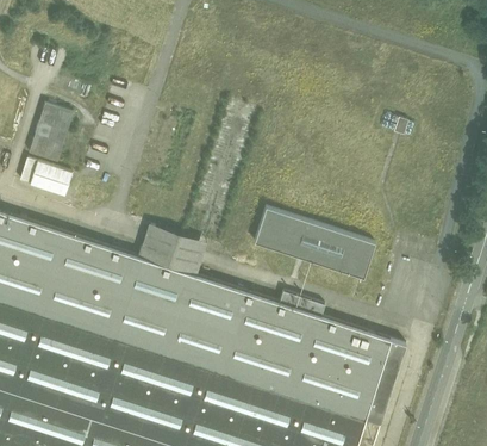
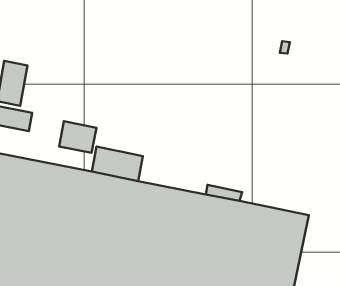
building: none -> [59,121,96,153]
building: [252,207,374,278] -> none

